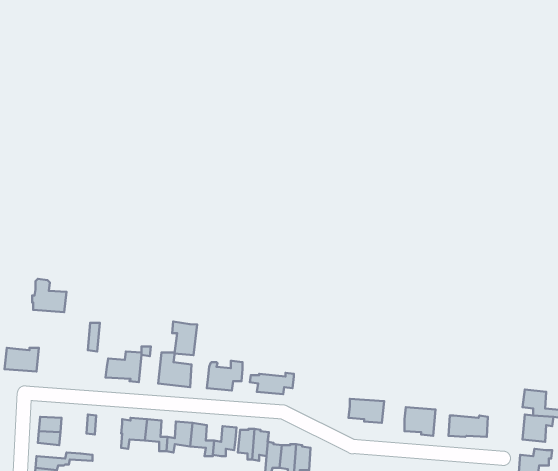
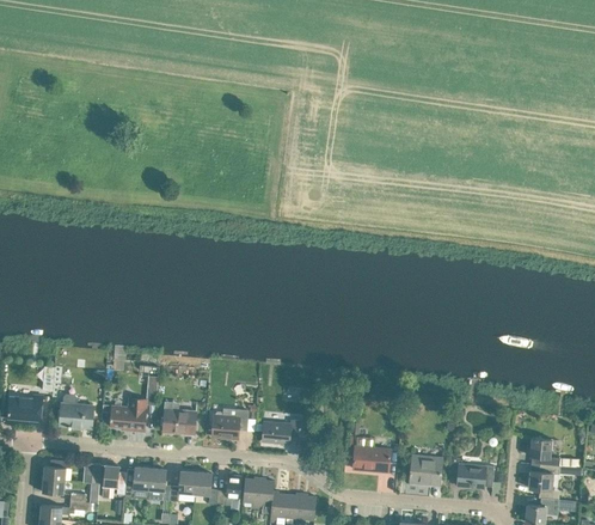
building: [32,279,67,312] -> [59,393,93,427]
building: [172,321,197,355] -> none
building: none -> [102,464,127,497]

